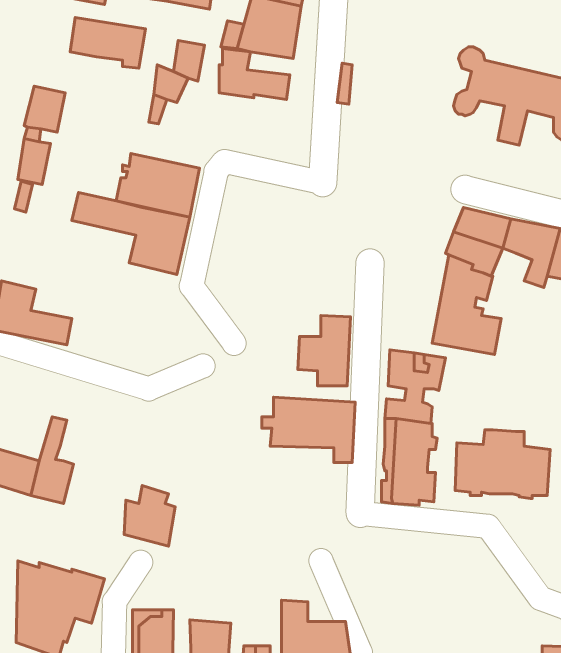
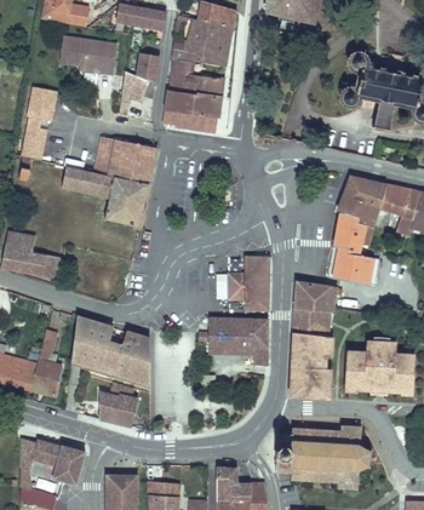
building: none -> [164,90,220,132]
building: none -> [71,317,150,390]
building: none -> [276,424,372,488]

